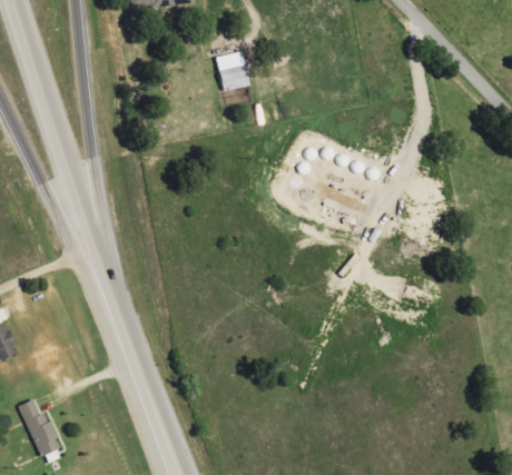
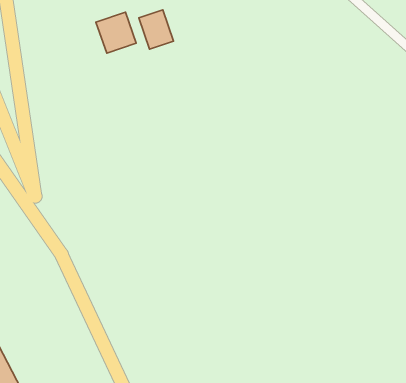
building: none -> [96,12,136,53]

